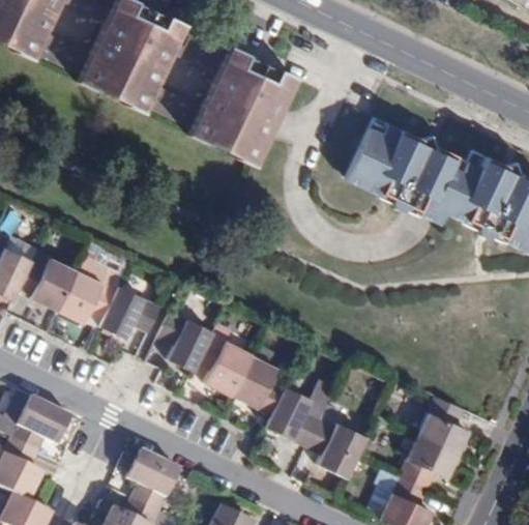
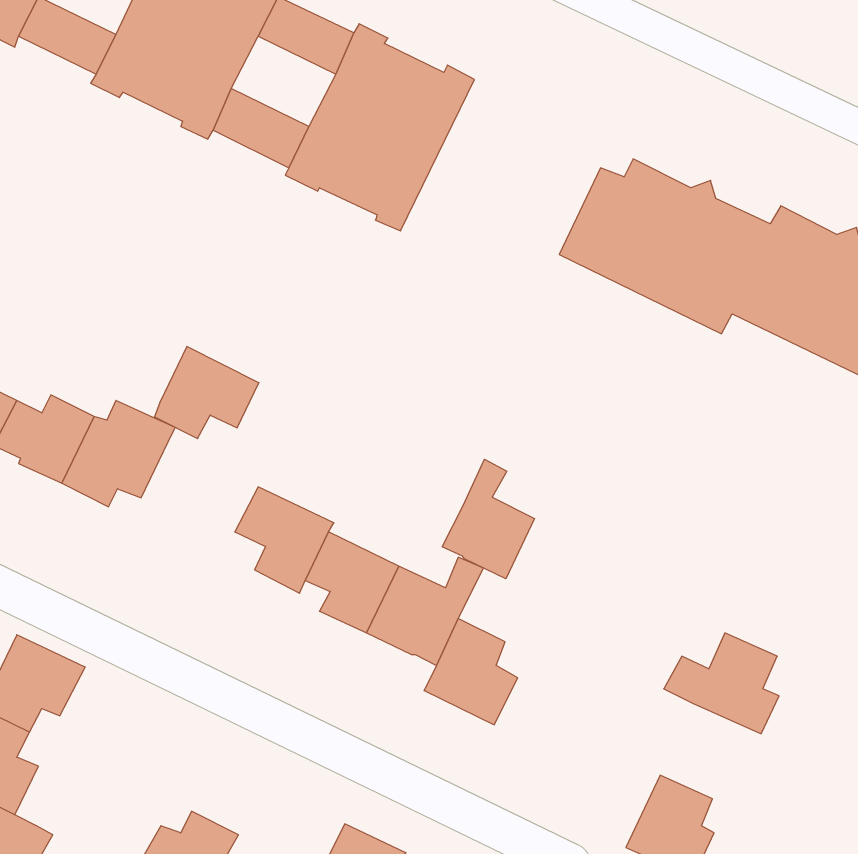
building: [99,285,159,338] -> [154,347,259,439]
building: none -> [442,459,535,579]
building: [305,420,365,478] -> none
building: [401,435,459,490] -> none
building: [128,449,179,511] -> none

